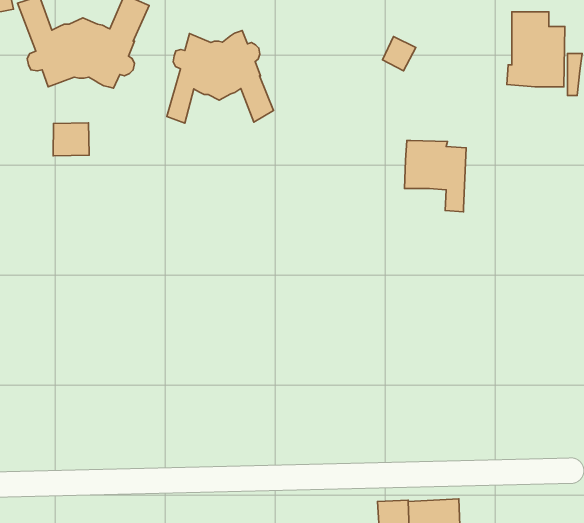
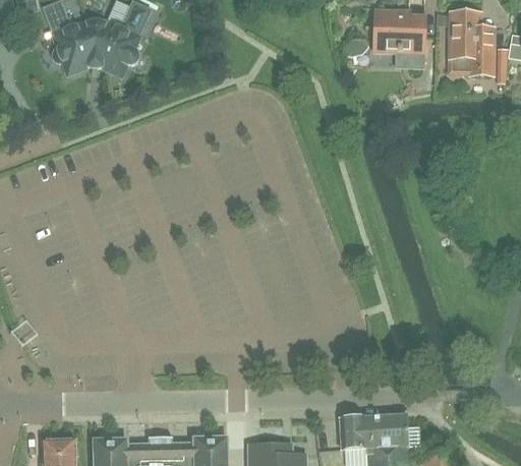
building: [167,31,273,123] -> none
building: [53,123,89,156] -> none
building: [404,140,466,212] -> [374,9,425,68]

